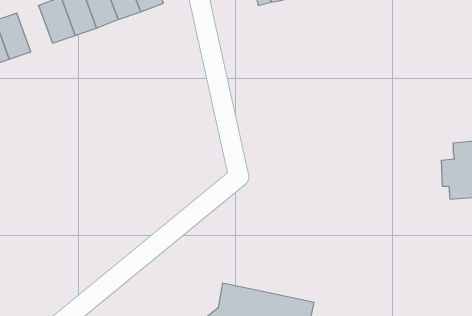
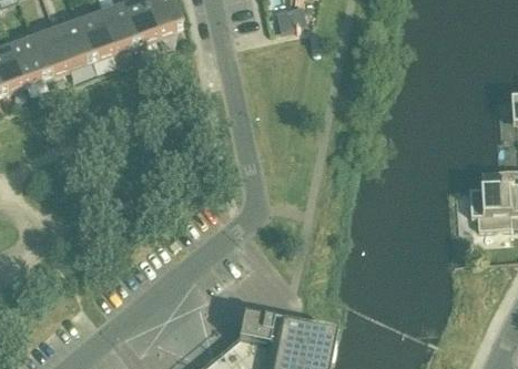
building: none -> [32,30,69,78]

